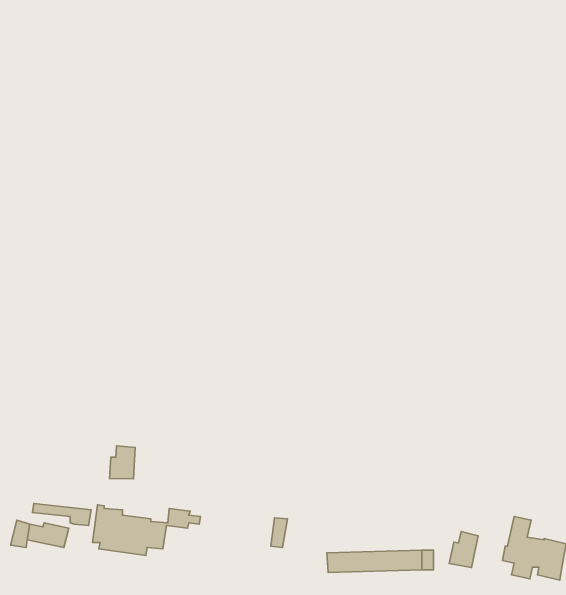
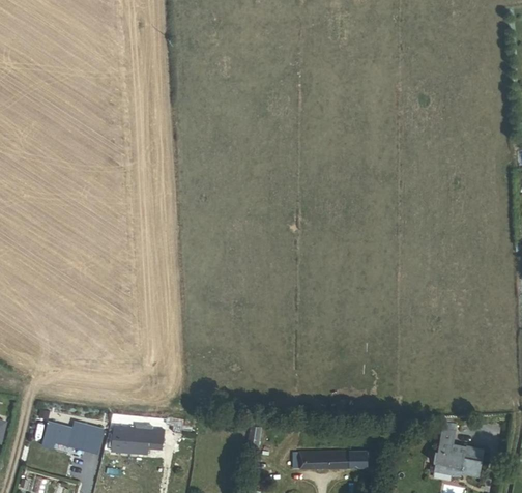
building: [110,446,135,479] -> none
building: [449,531,478,567] -> none

